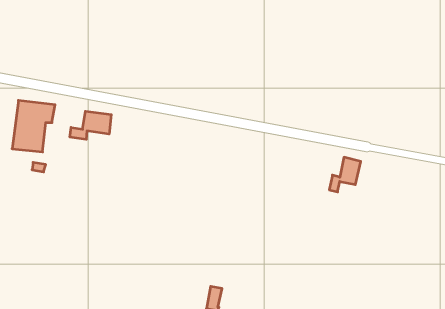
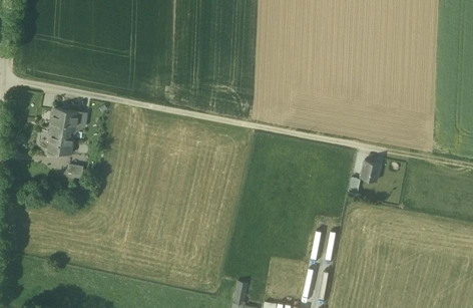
building: [70,111,111,139] -> none

